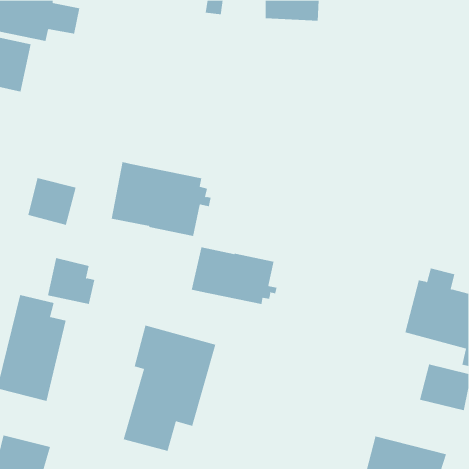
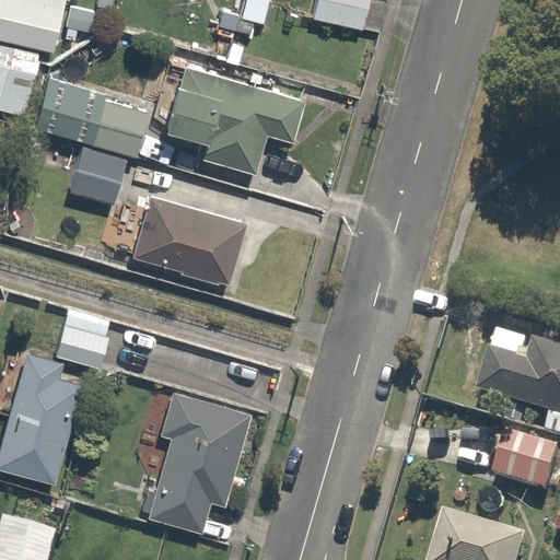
building: none -> [166,69,306,173]
building: none -> [32,72,149,150]
building: [28,177,77,225] -> [67,147,125,203]
building: [191,246,277,305] -> none

